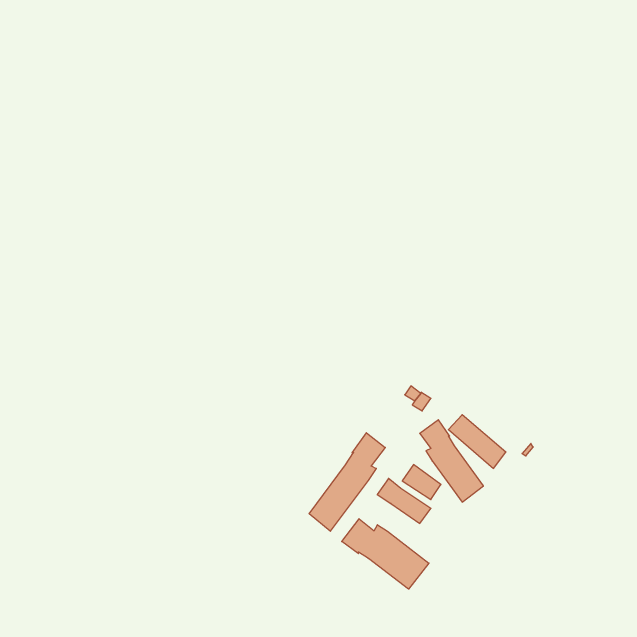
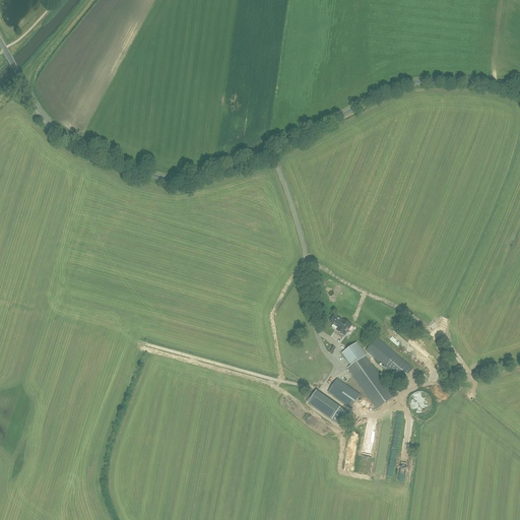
building: [309,433,385,531] -> none
building: [342,519,429,589] -> none

